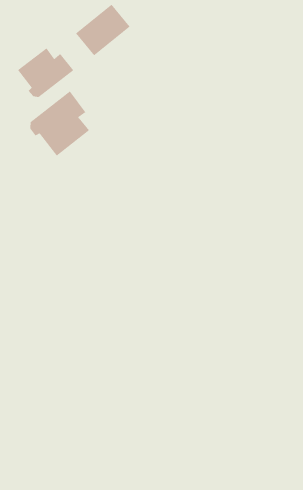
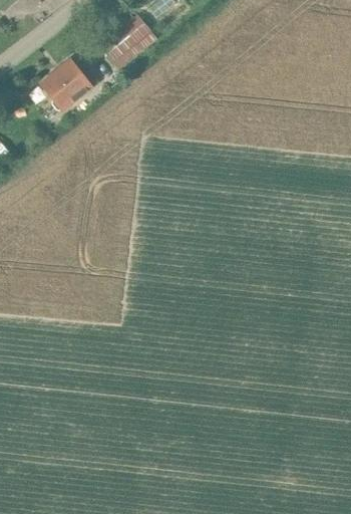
building: [30,91,90,157] -> none

